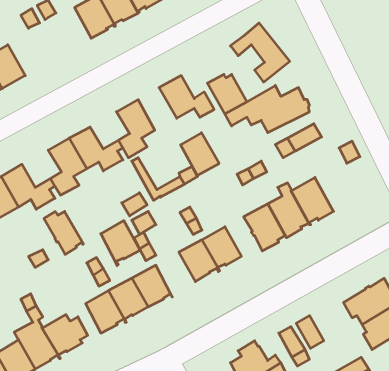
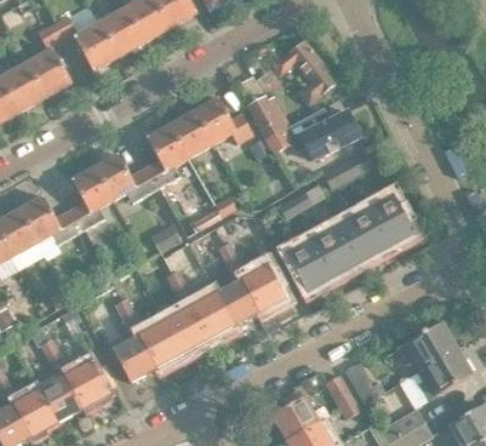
building: none -> [73,22,118,70]
building: none -> [25,48,72,97]
building: [181,133,219,175] -> [170,110,212,158]
building: none -> [365,195,412,247]
building: [44,211,83,254] -> none
building: [101,221,140,266] -> [189,292,233,342]

